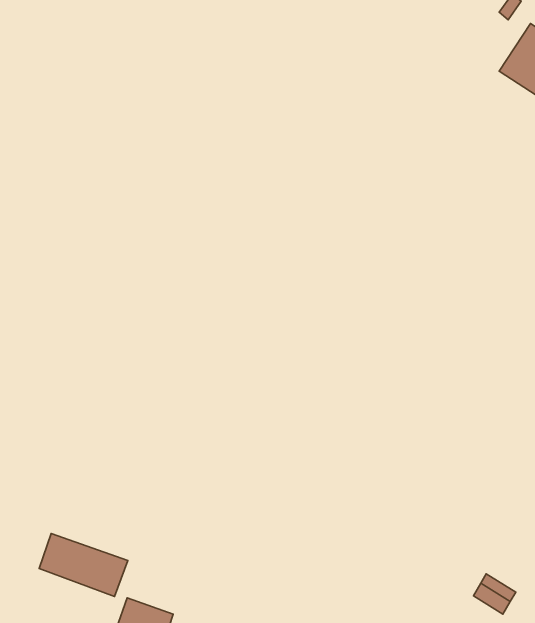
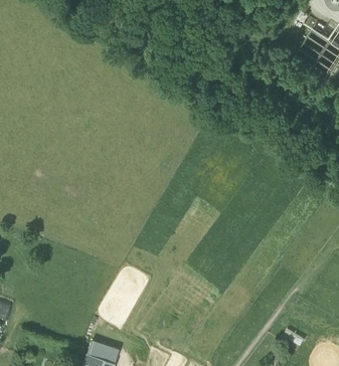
building: [39,533,128,597] -> none

